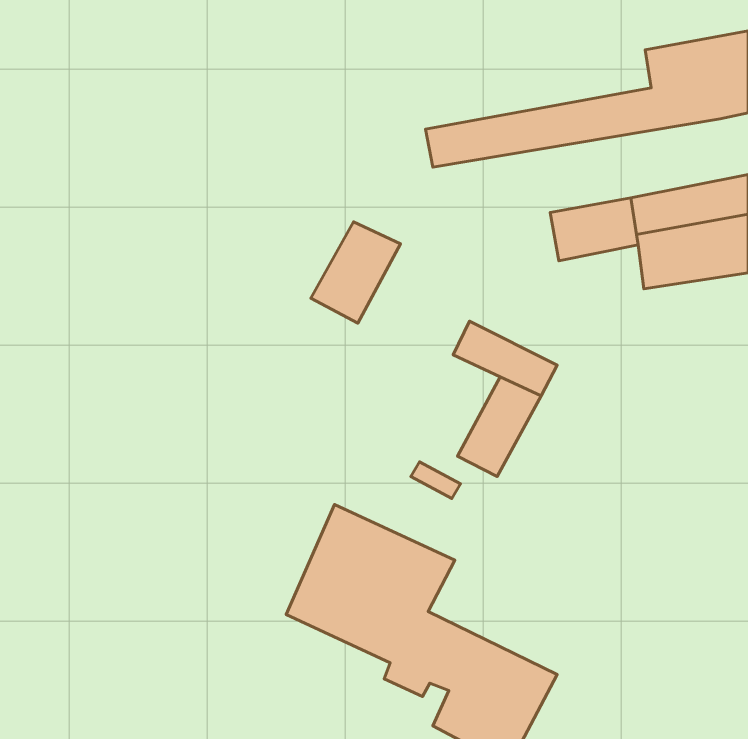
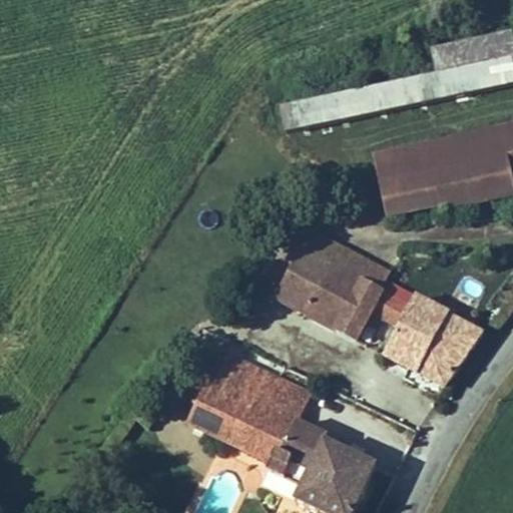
building: [311,222,400,323] -> [281,249,342,319]
building: none -> [382,174,440,206]
building: none -> [366,288,487,394]

